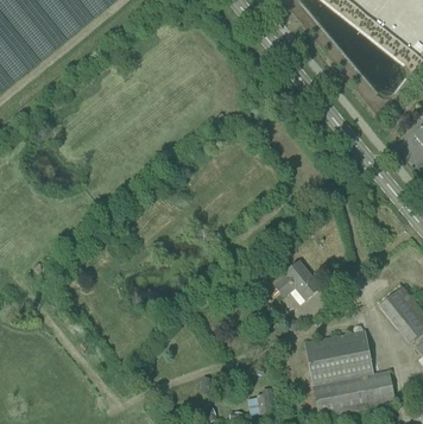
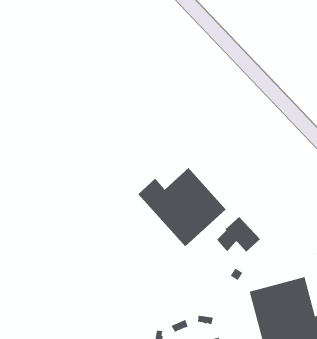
building: none -> [138,167,227,247]

